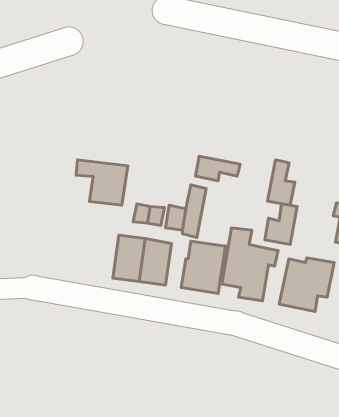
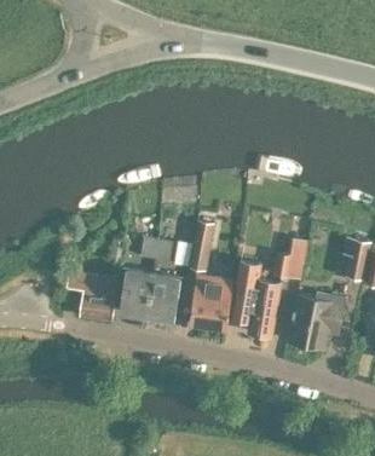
building: [195,156,240,181] -> none
building: [268,160,295,205] -> none
building: [76,160,128,205] -> [65,273,117,319]

